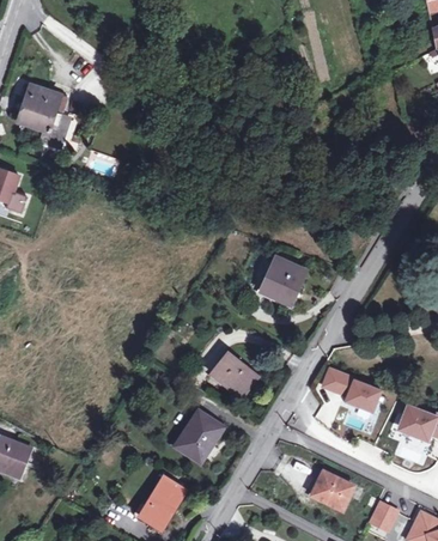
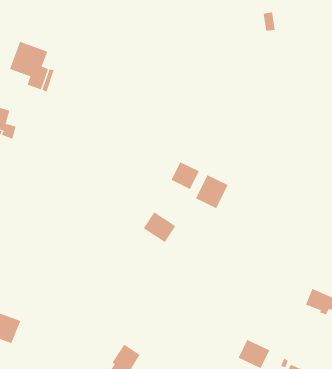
building: none -> [171,162,200,190]
building: [209,355,253,396] -> [143,211,176,243]
building: [323,367,381,409] -> none
building: [180,413,221,462] -> none

